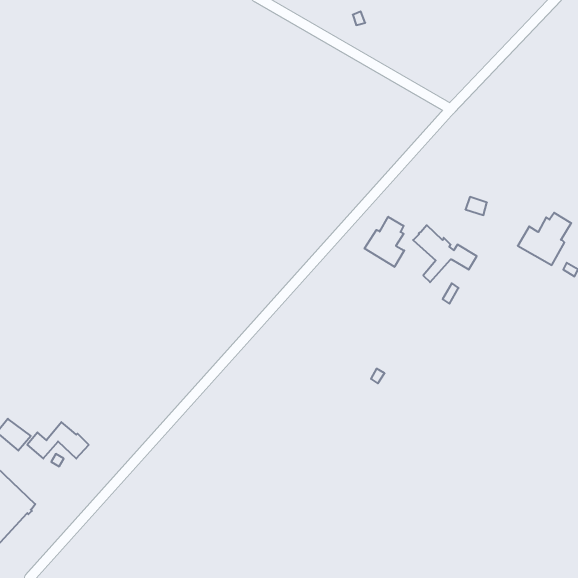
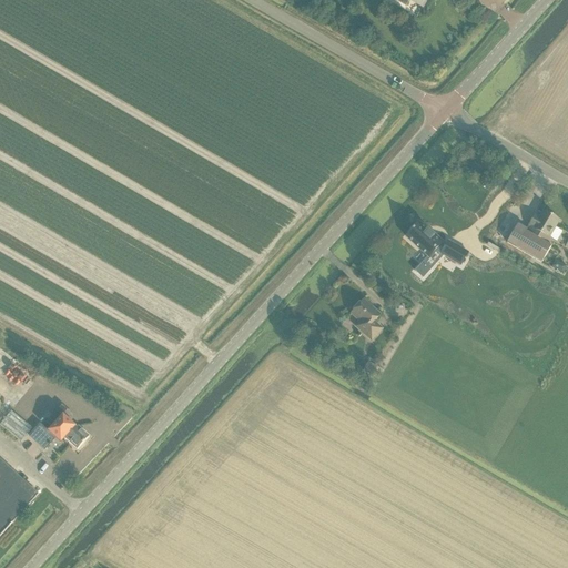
building: [365,217,404,267] -> none
building: none -> [348,297,381,338]

